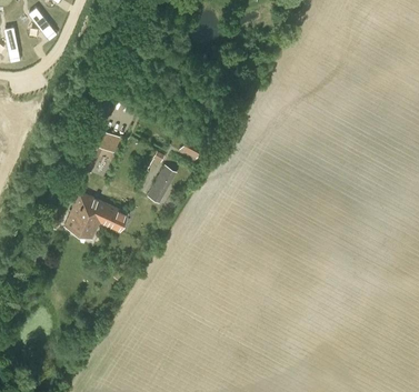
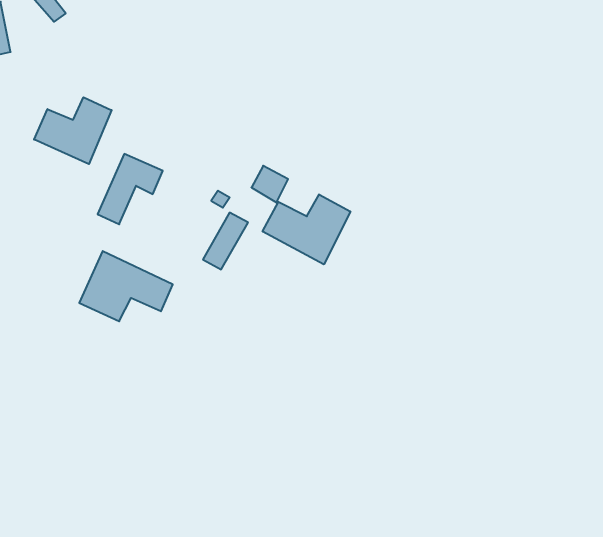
building: none -> [34,97,112,164]
building: none -> [263,194,350,264]

